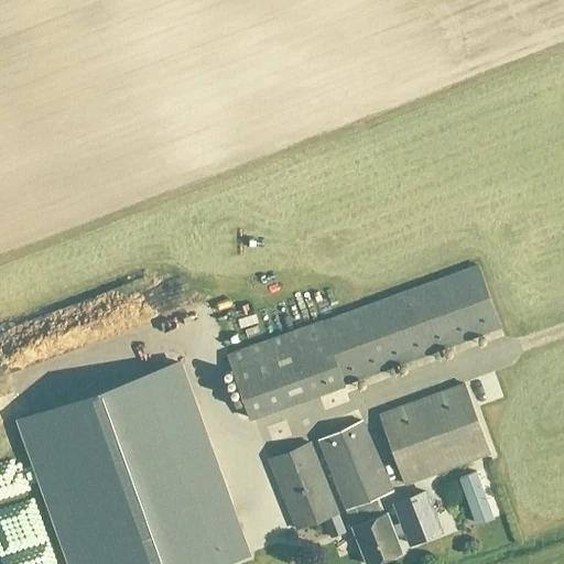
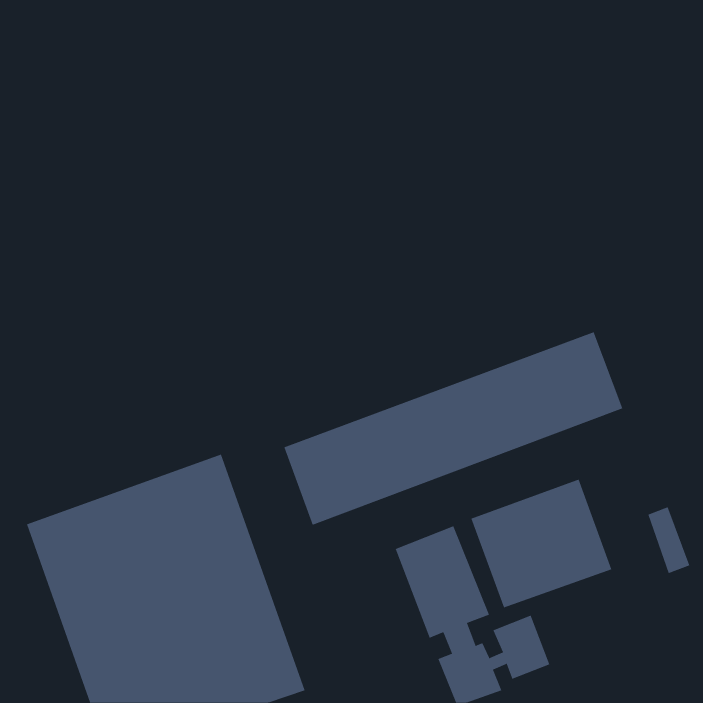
building: [269,444,337,530] -> none
building: [459,471,494,525] -> [648,506,690,574]

